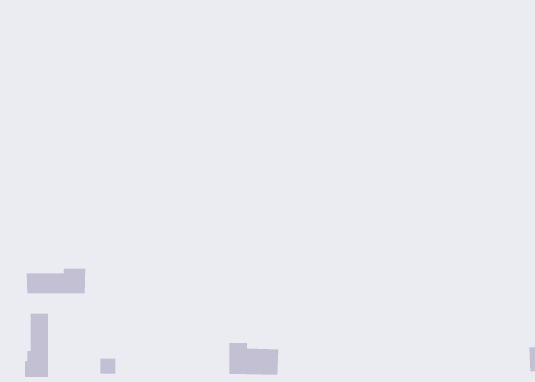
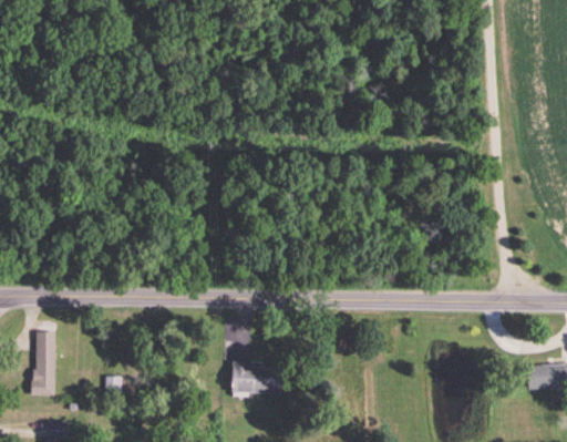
building: [26,268,86,294] -> none

